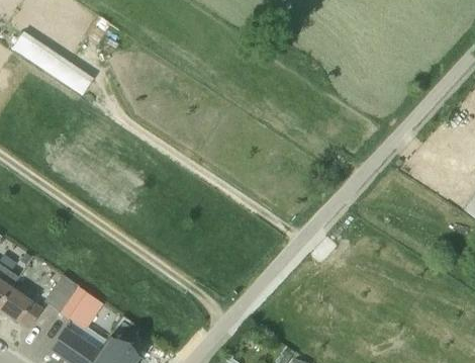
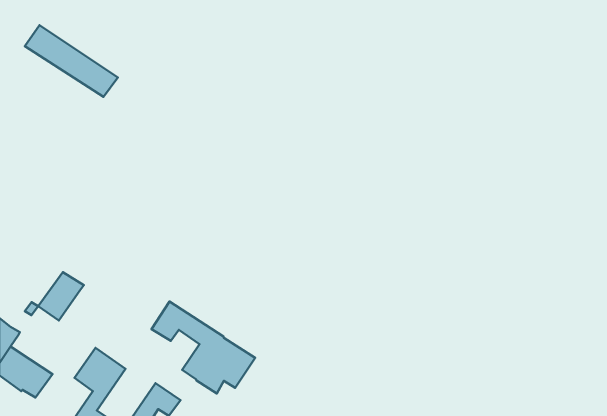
building: none -> [151,301,255,393]
building: [43,274,79,311] -> [38,272,84,320]

